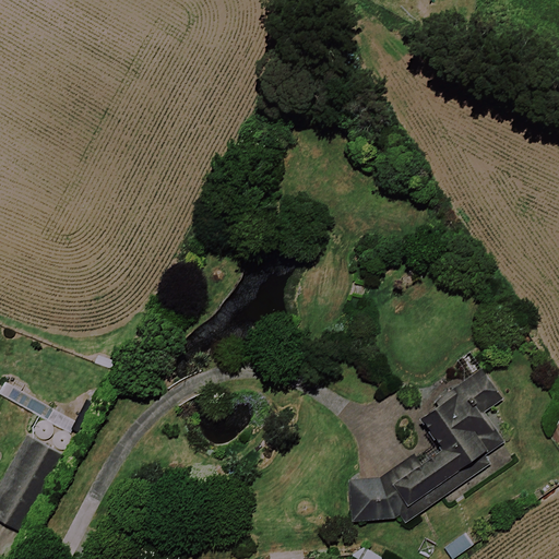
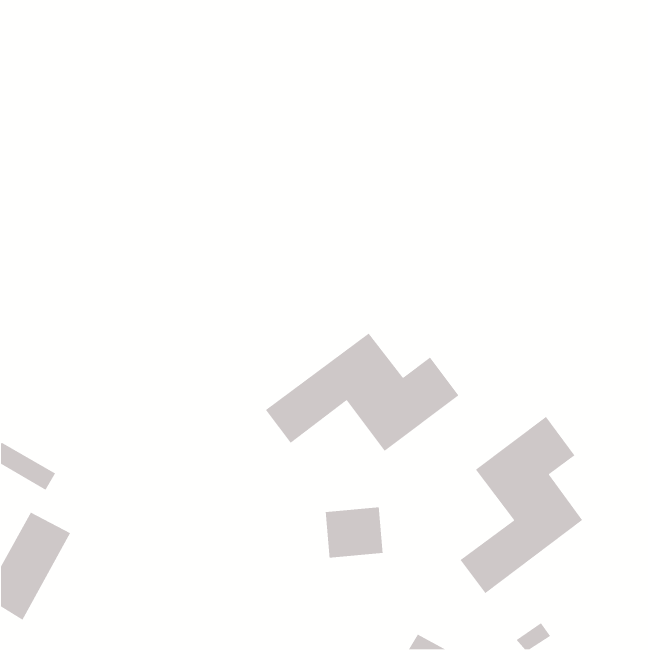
building: none -> [265,332,460,452]
building: [349,480,400,525] -> [325,506,383,559]

